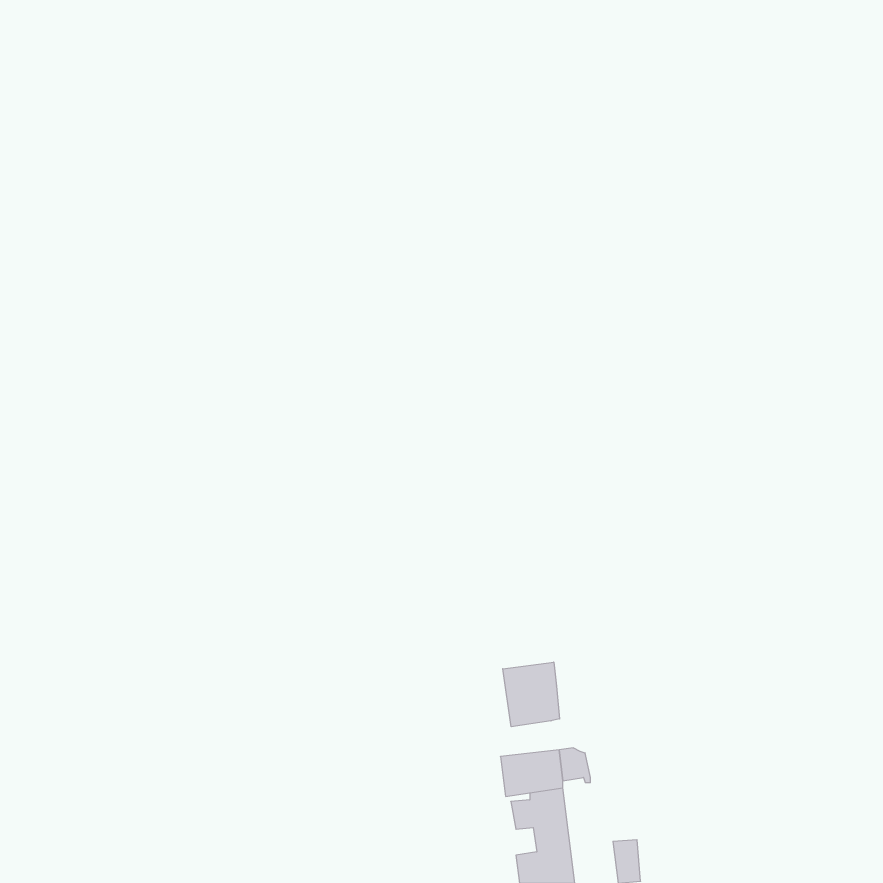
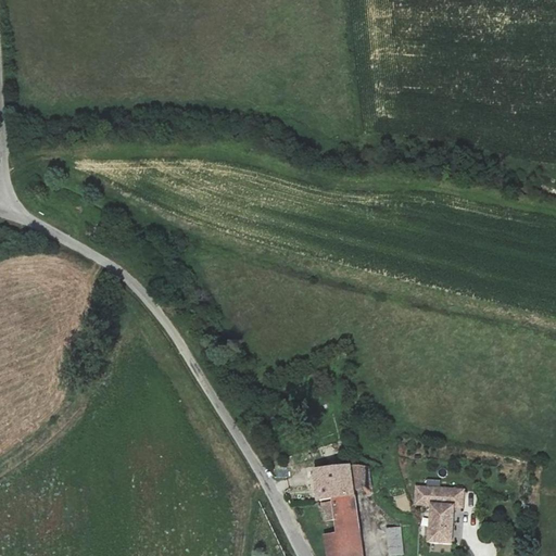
building: [503,662,560,727] -> none
building: none -> [415,484,463,542]

